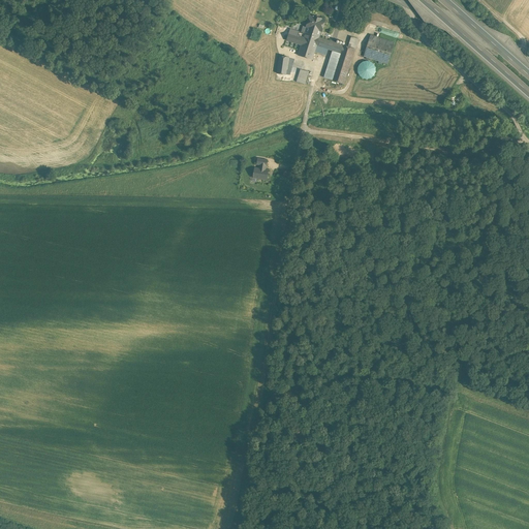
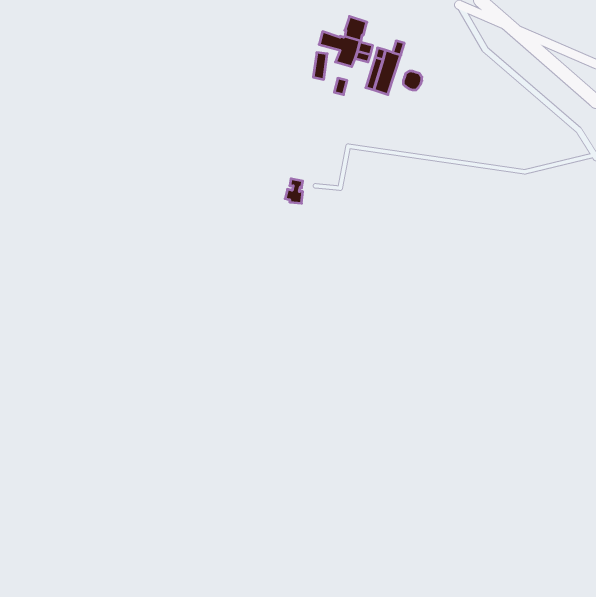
building: [363,35,394,64] -> none

